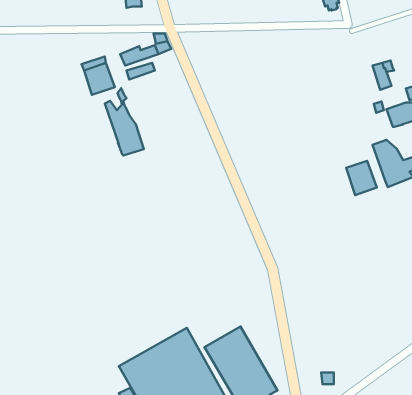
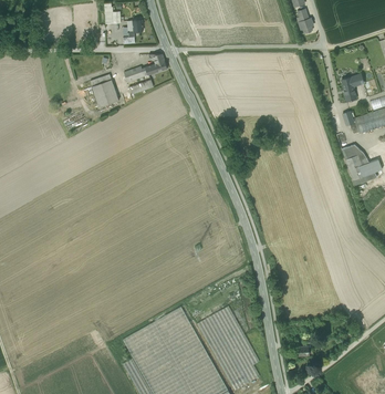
building: [105,88,144,155] -> none
building: [346,161,377,195] -> none

